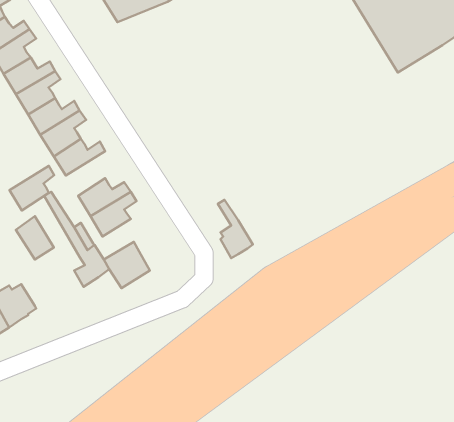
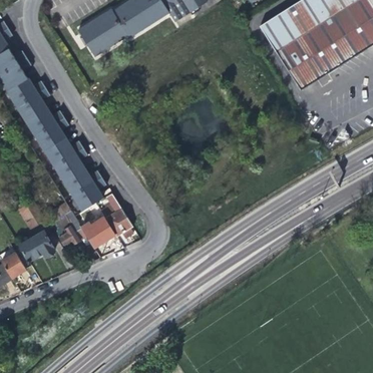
building: [10,166,54,211] -> [53,148,86,181]
building: [218,200,253,258] -> [105,194,131,237]
building: none -> [19,231,59,263]

